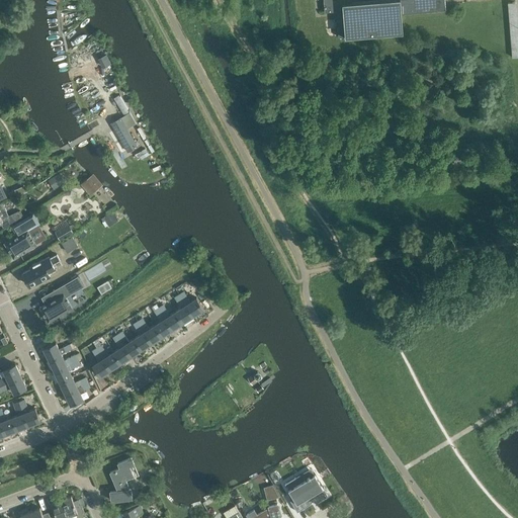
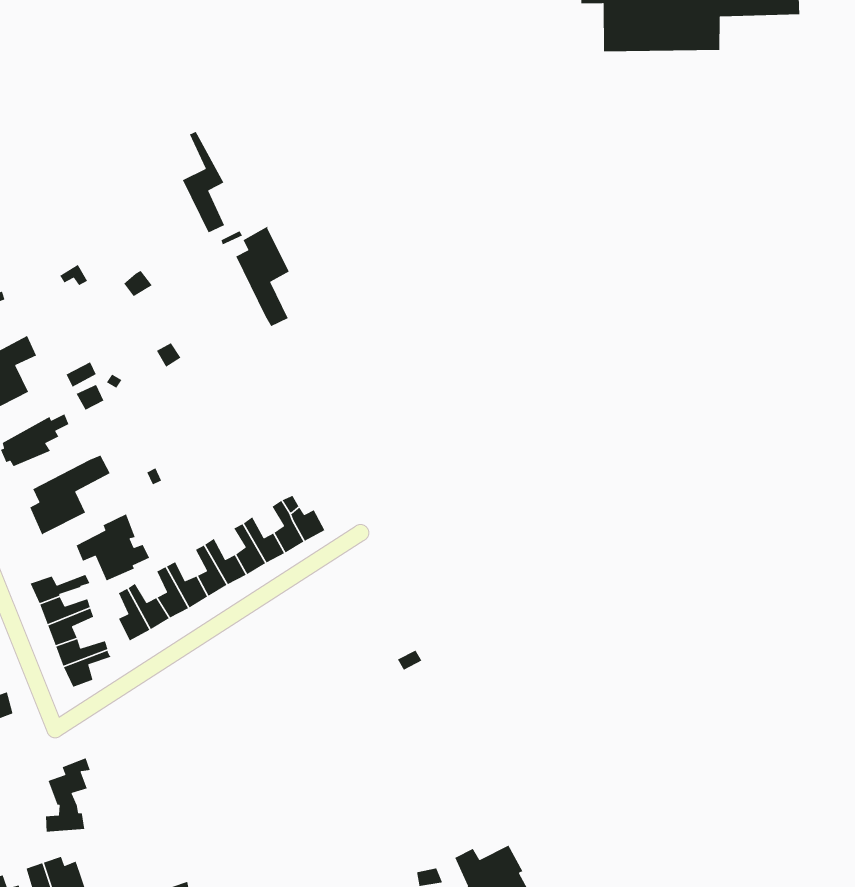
building: none -> [235,226,290,327]
building: none -> [75,513,150,582]
building: [110,460,134,503] -> [45,757,91,832]

